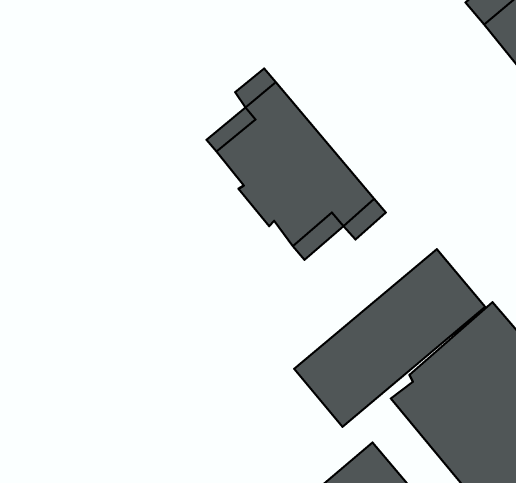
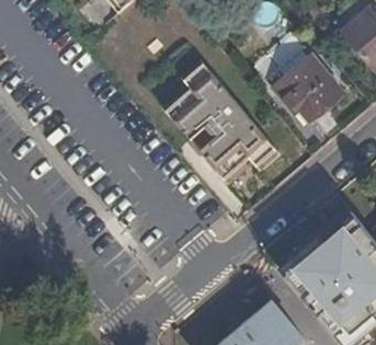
building: none -> [272,48,341,115]
building: [294,249,485,427] -> none

